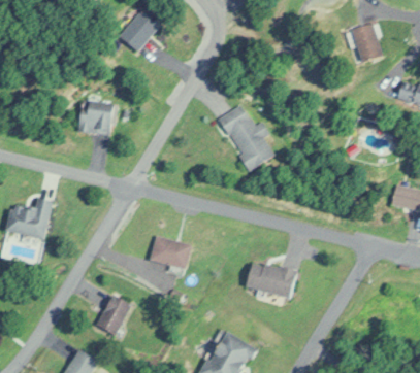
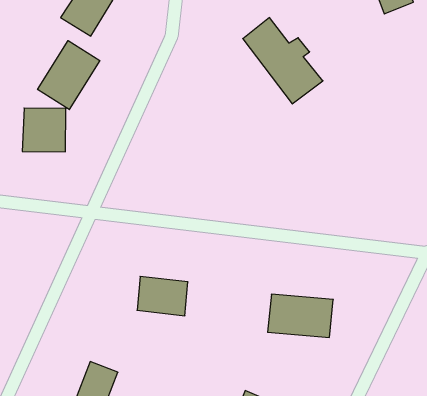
building: none -> [38,41,100,110]
building: [219,103,274,169] -> [243,18,323,104]

